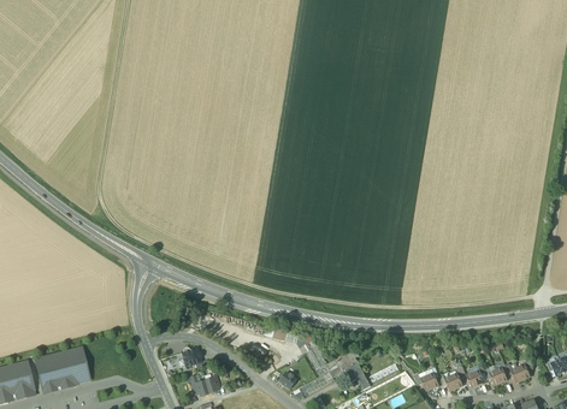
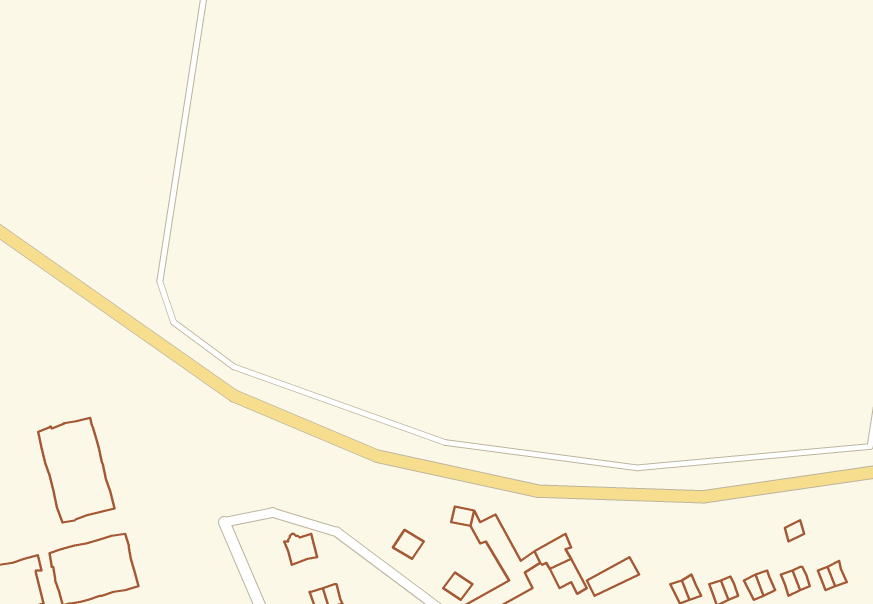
building: none -> [38,418,115,523]

